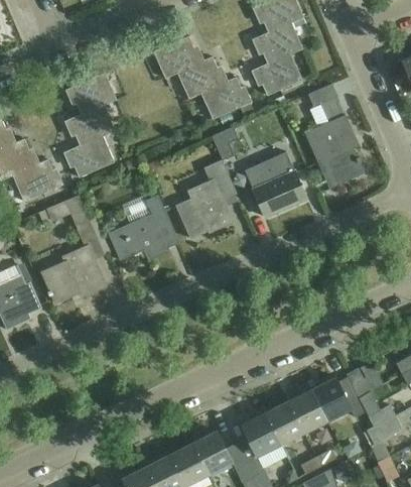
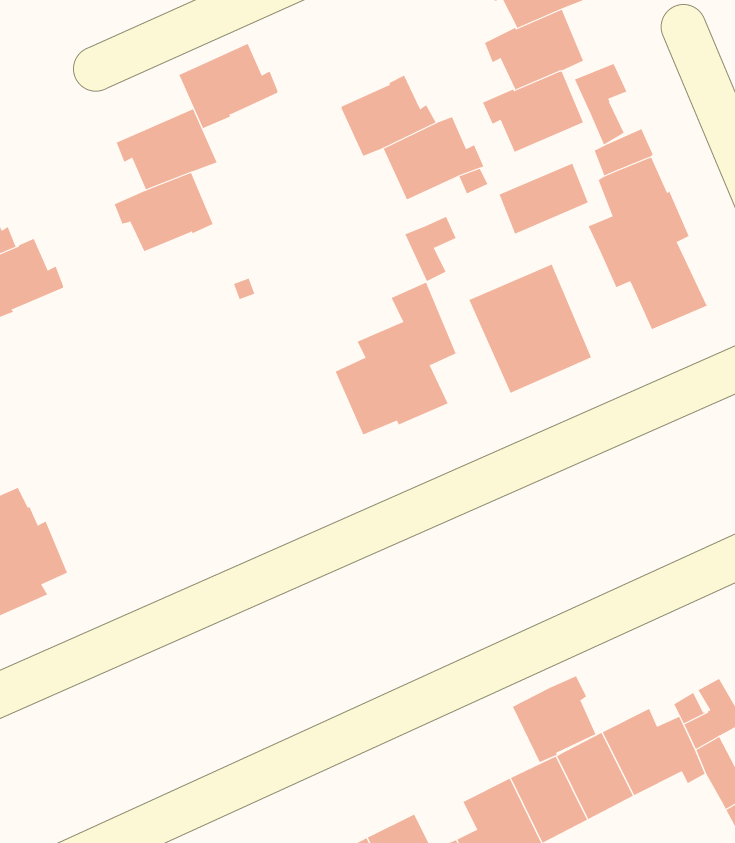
building: [153,36,203,80] -> [179,43,278,129]
building: none -> [574,63,627,145]
building: none -> [499,163,589,235]
building: [63,136,115,178] -> none
building: [13,159,62,202] -> none
building: [40,196,106,302] -> none
building: [109,197,178,260] -> none
building: none -> [512,675,596,763]

